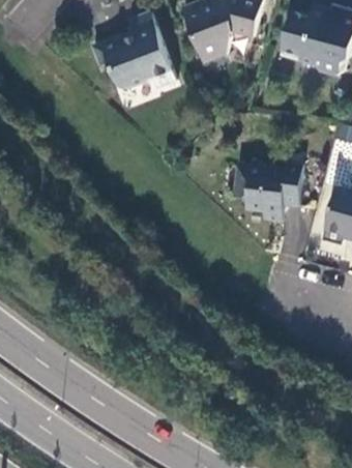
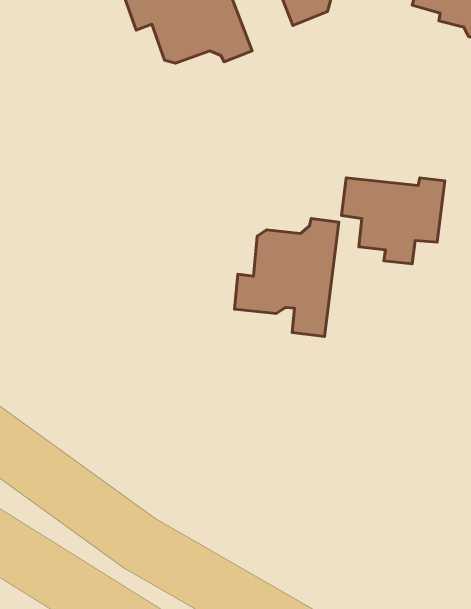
building: none -> [234,219,339,337]

